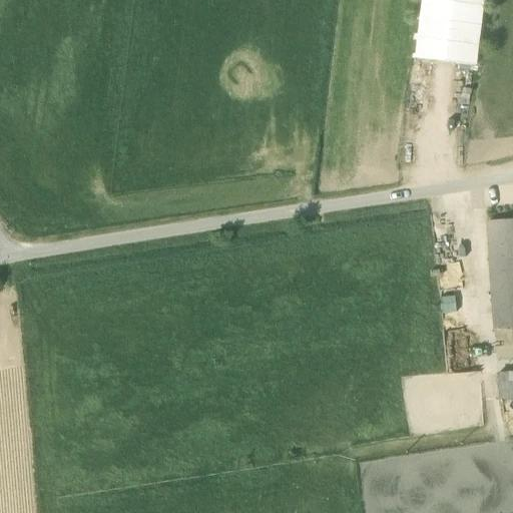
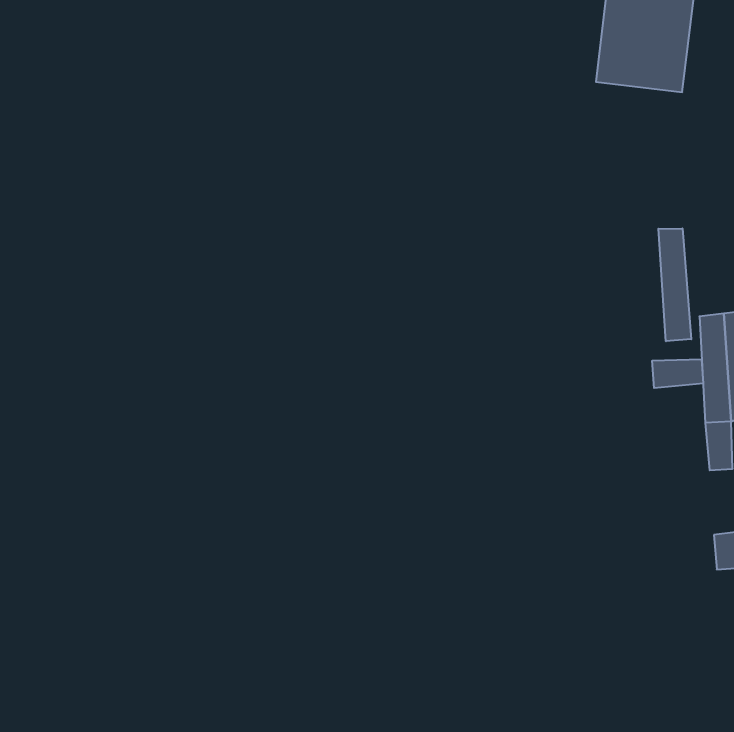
building: none -> [658,228,691,341]
building: none -> [652,359,703,388]

